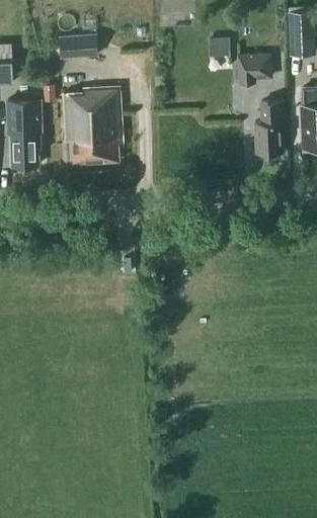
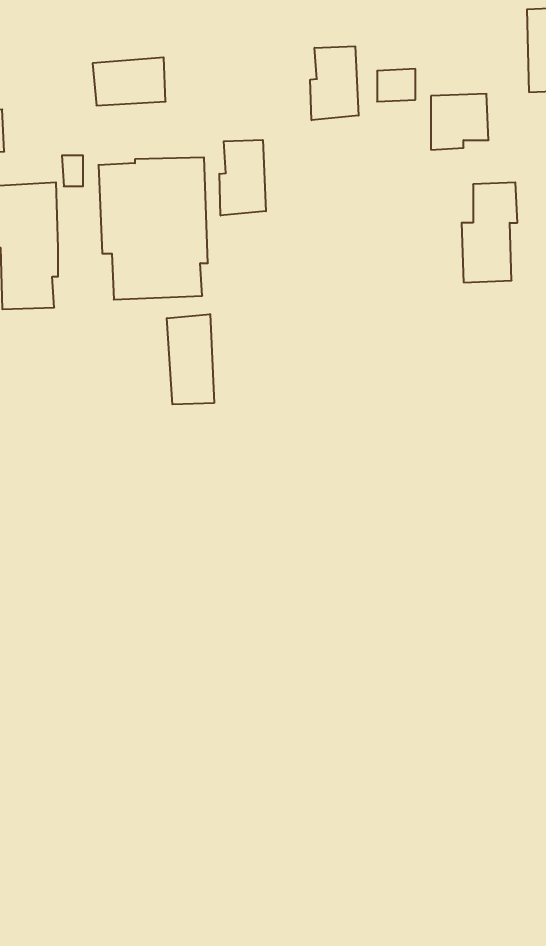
building: none -> [310,46,359,120]
building: none -> [219,140,266,216]
building: none -> [167,314,214,404]

